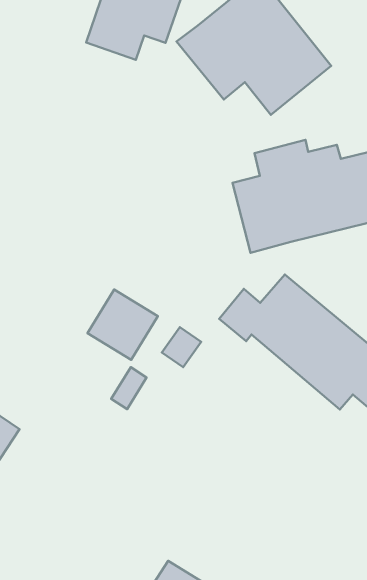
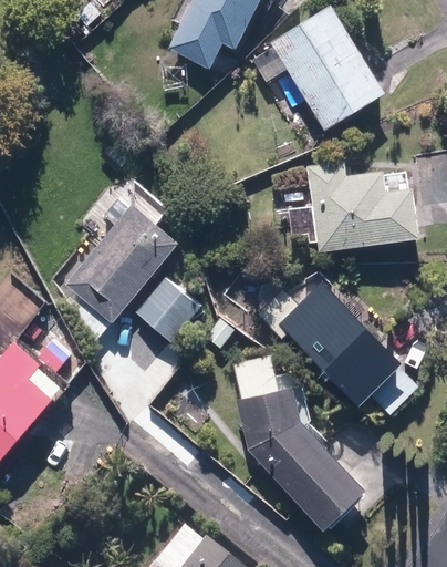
building: none -> [65,192,179,342]
building: none -> [233,354,366,530]

